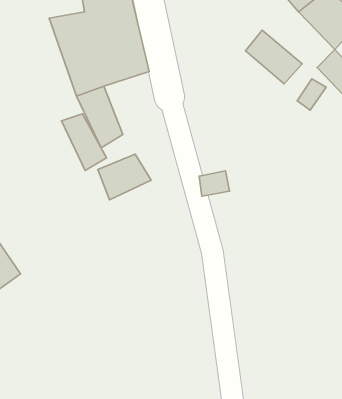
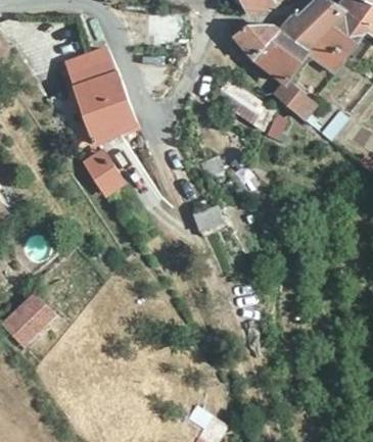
building: [62,114,107,171] -> none
building: [98,154,151,200] -> none

